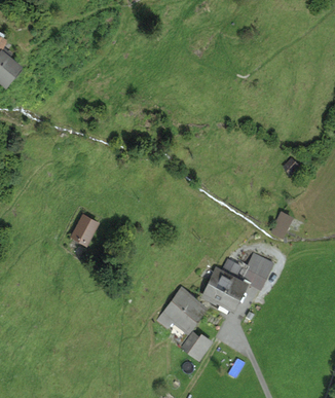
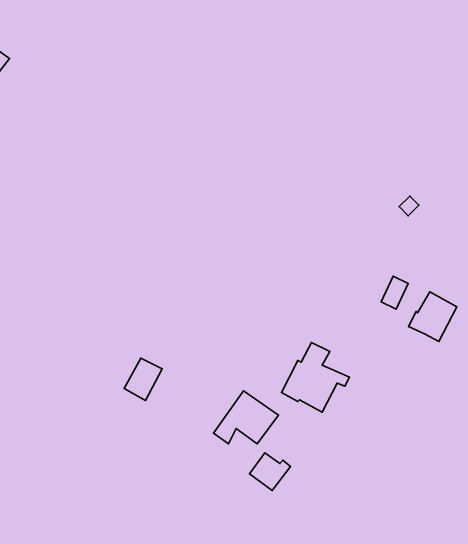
building: [72,215,98,244] -> [124,358,162,401]
building: [239,253,272,287] -> [409,292,457,342]

